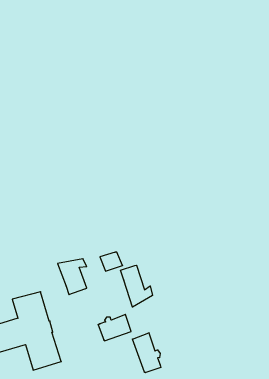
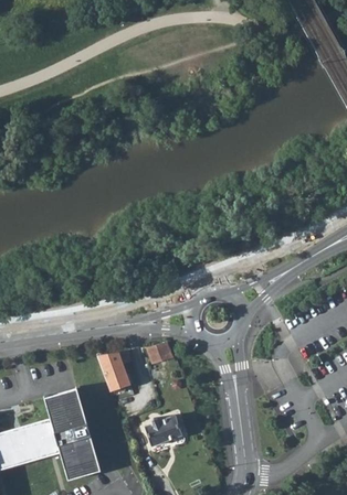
building: [120,265,152,307] -> none
building: [132,333,161,373] -> none

